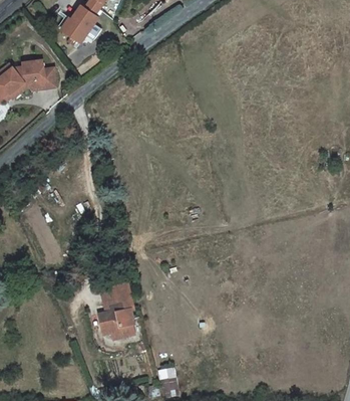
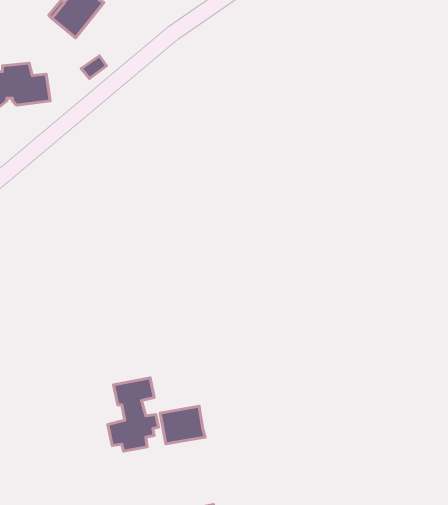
building: none -> [160,406,205,444]

